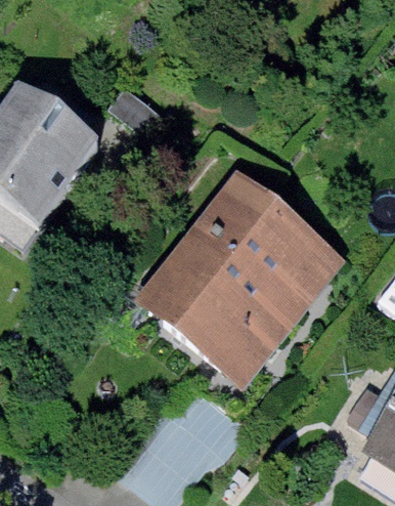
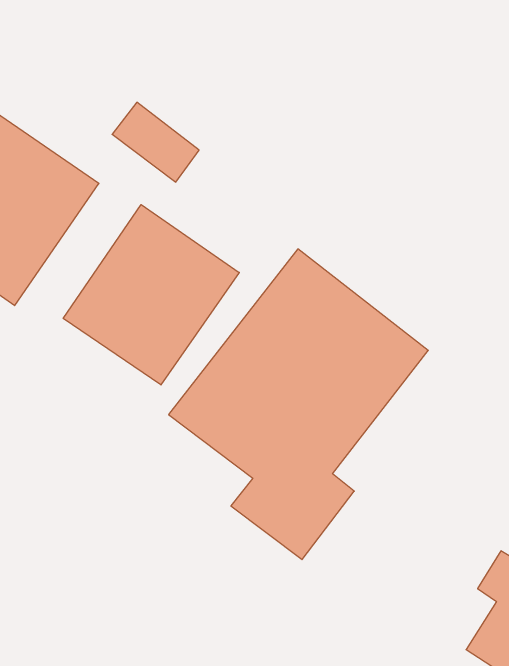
building: none -> [63,205,239,385]

